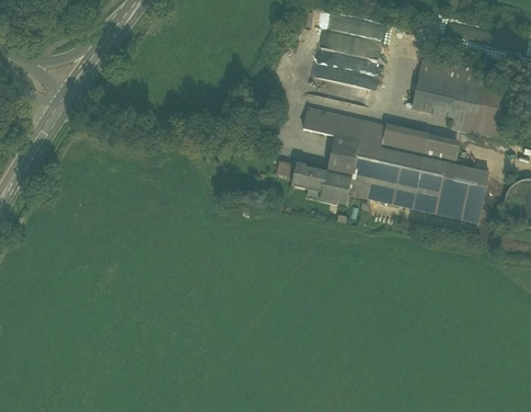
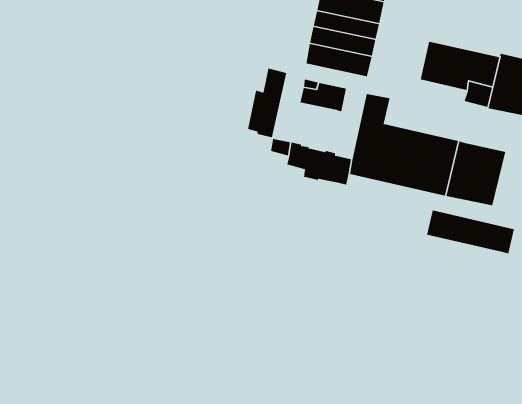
building: [419,55,487,87] -> none
building: [327,115,363,179] -> [247,68,287,138]
building: [380,124,460,164] -> [426,210,515,255]

